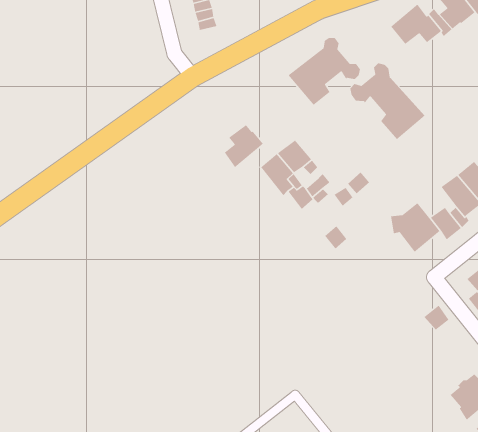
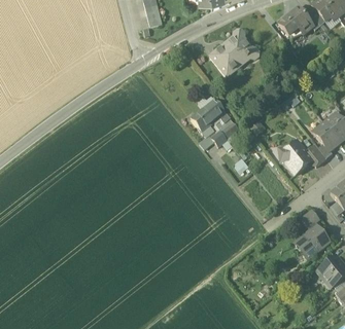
building: [350,62,426,140] -> none
building: [224,124,264,168] -> none
building: none -> [295,226,329,259]

